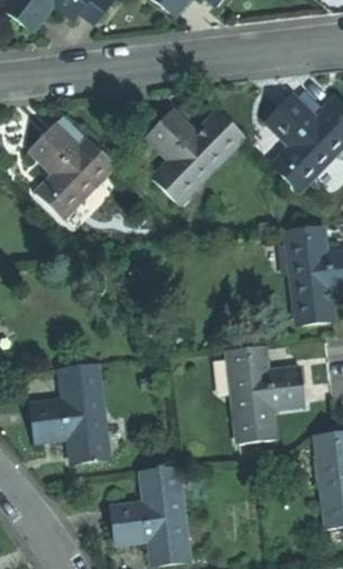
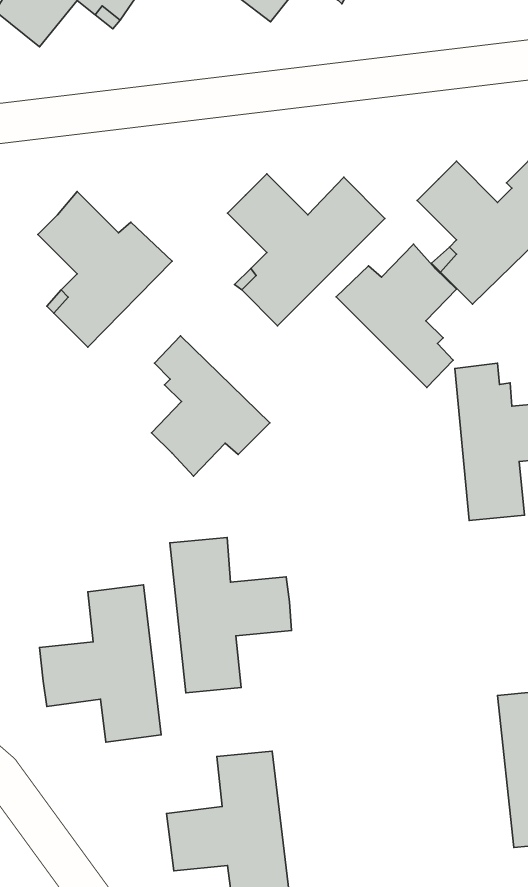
building: none -> [336,244,456,387]
building: none -> [151,336,270,476]
building: [228,346,303,442] -> [170,537,291,693]

